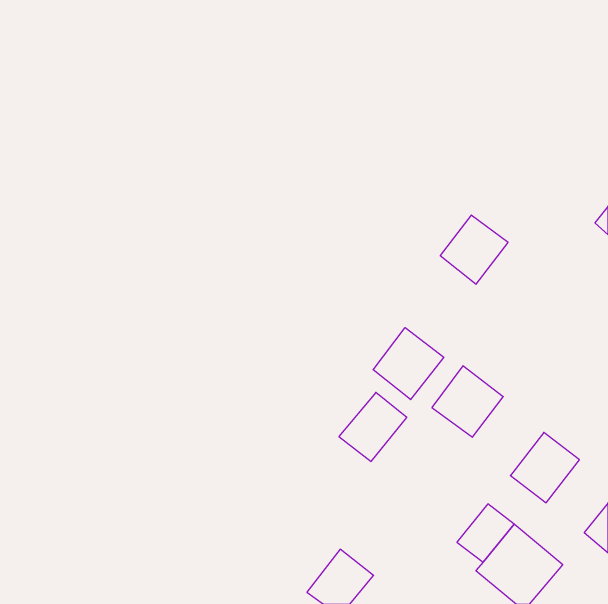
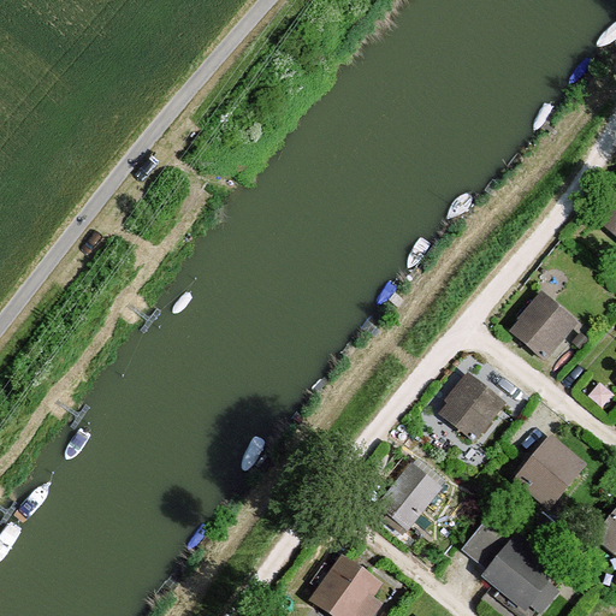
building: [440,215,508,284] -> [508,291,576,361]
building: [373,328,444,400] -> none
building: [339,392,407,461] -> [377,461,445,531]

